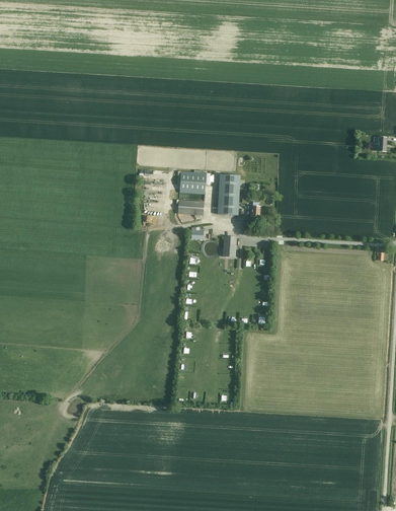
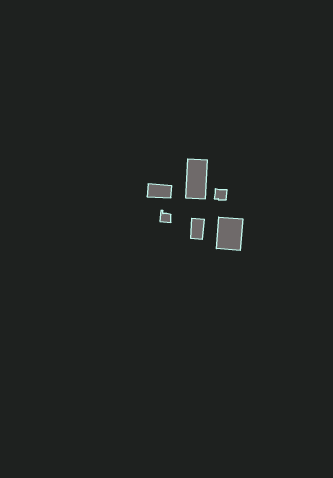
building: [179,170,206,192] -> none
building: none -> [216,217,243,250]

